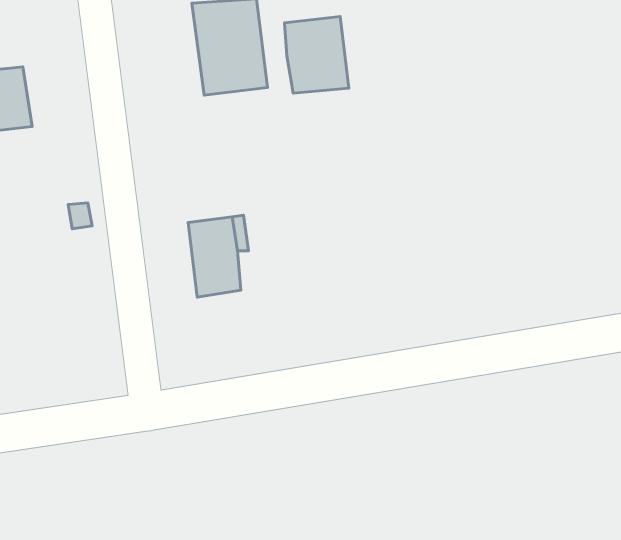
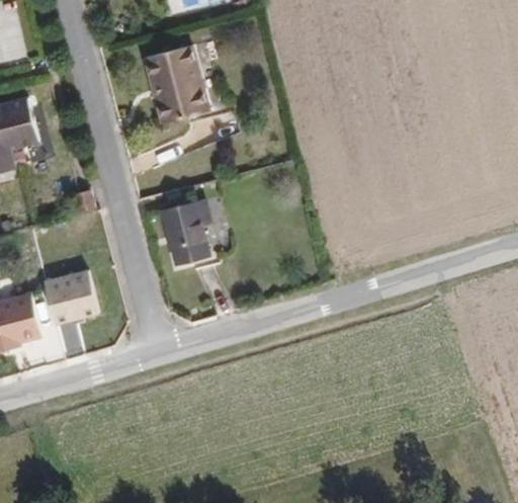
building: [285,17,349,93] -> none
building: none -> [39,268,97,324]

